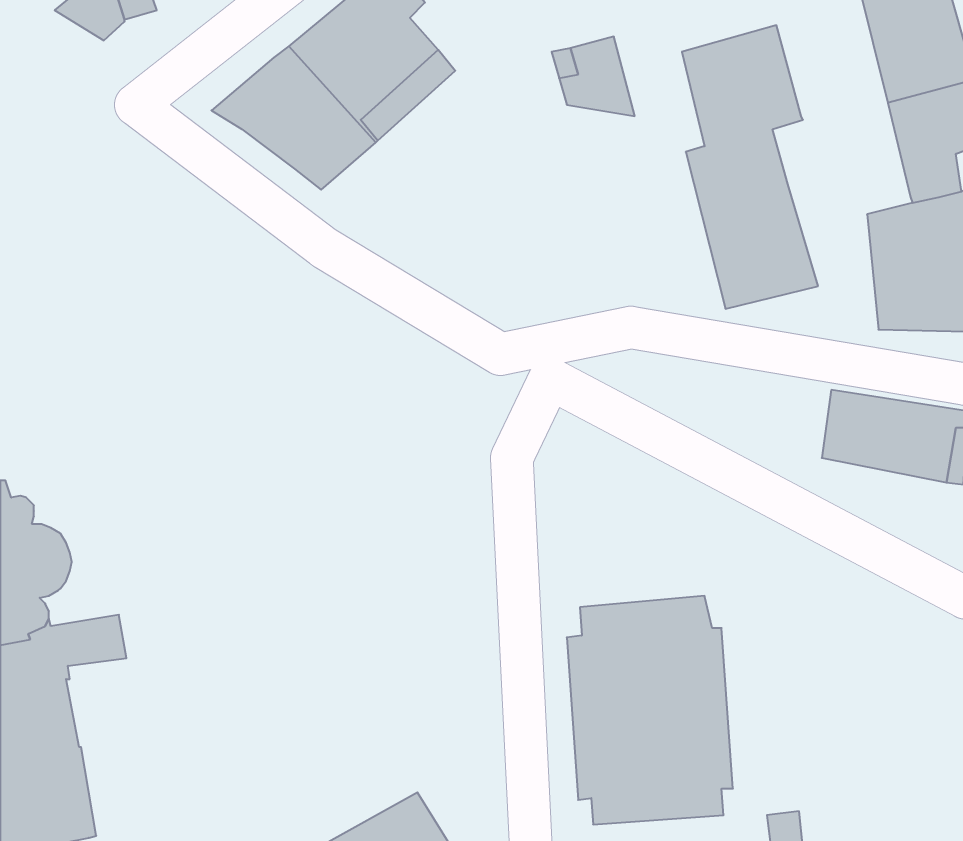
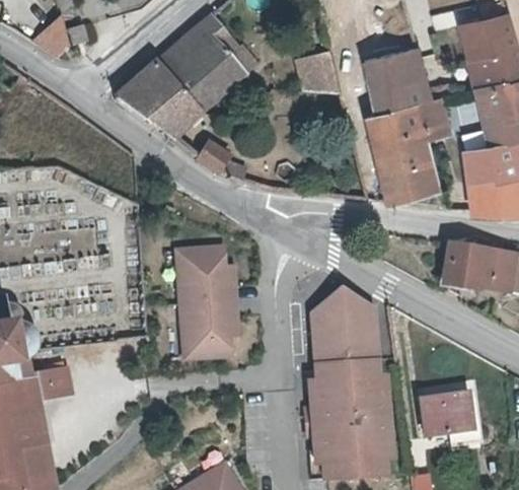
building: none -> [416,97,449,135]
building: none -> [196,140,246,180]
building: none -> [177,247,235,357]
building: none -> [309,285,379,362]
building: none -> [422,392,471,434]

